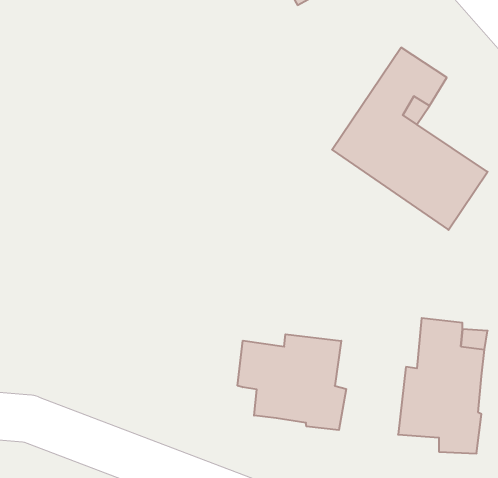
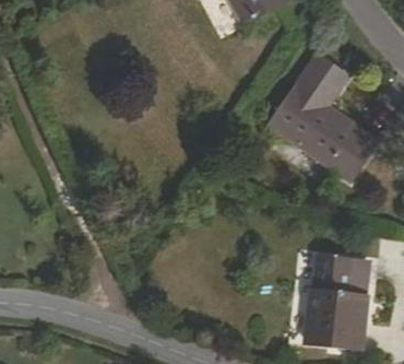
building: [238,334,346,430] -> none

